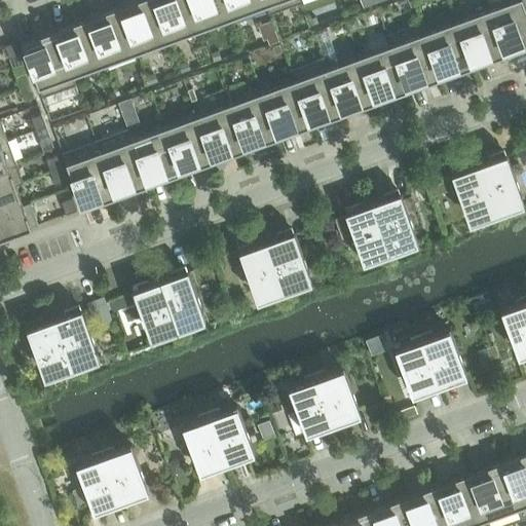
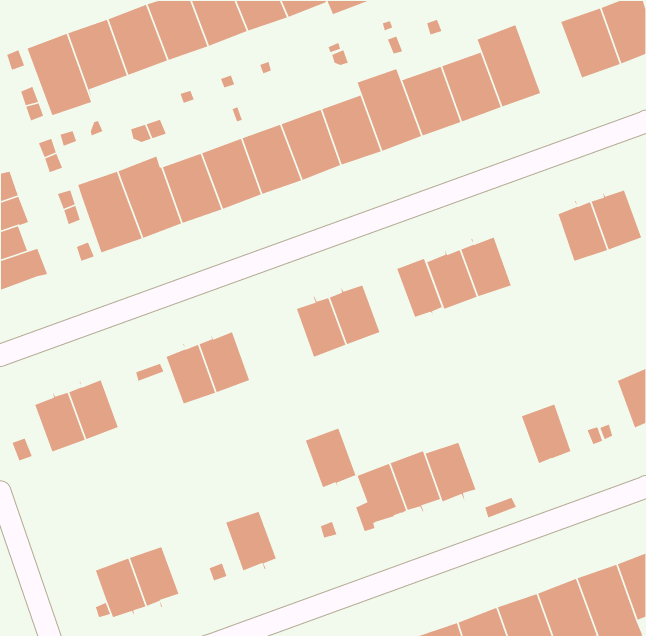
building: [419,26,473,84] -> none
building: none -> [396,258,443,318]
building: [396,346,438,396] -> [425,442,476,502]
building: [211,413,253,463] -> [305,427,357,489]

